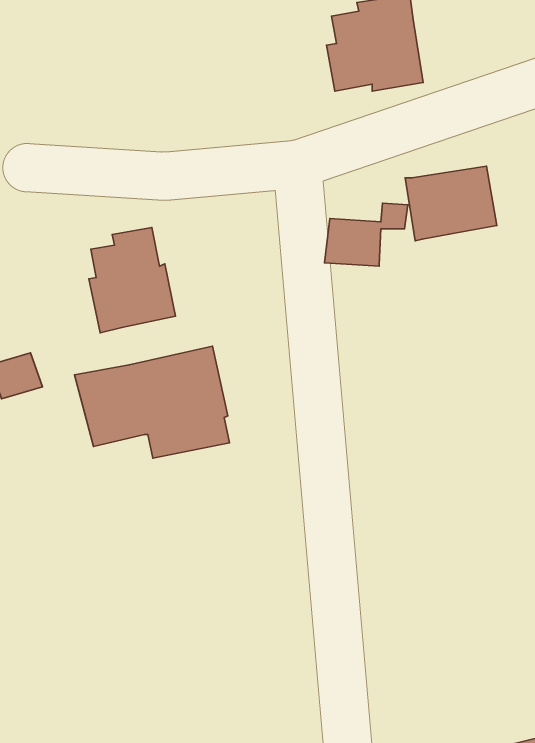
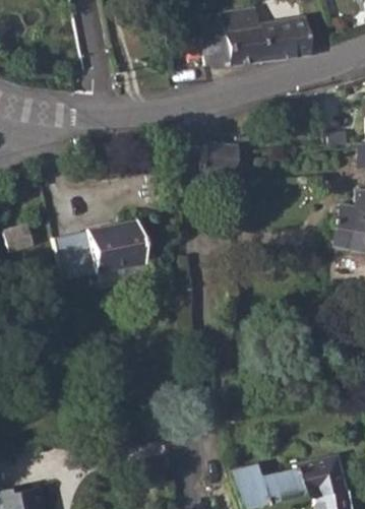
building: [405,166,497,241] -> [257,17,312,62]
building: [89,227,176,333] -> none

